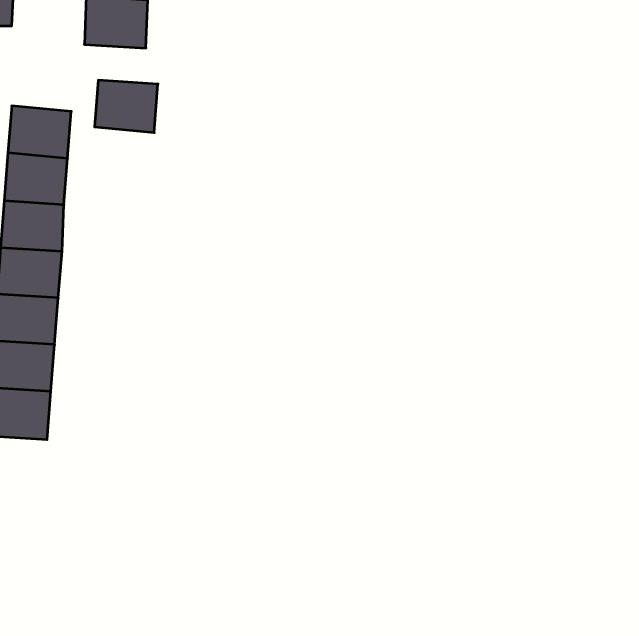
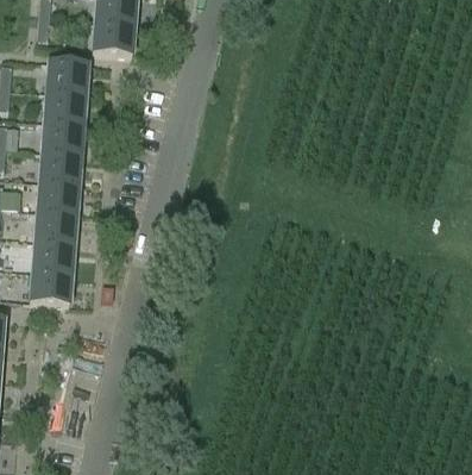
building: [95,80,158,133] -> [48,58,88,92]

